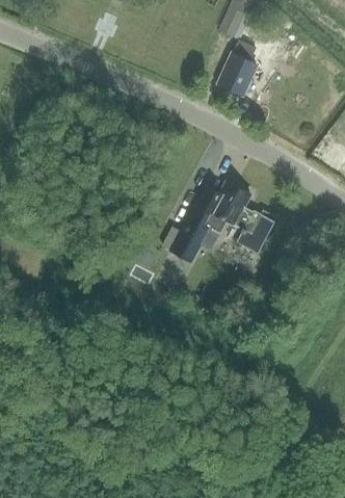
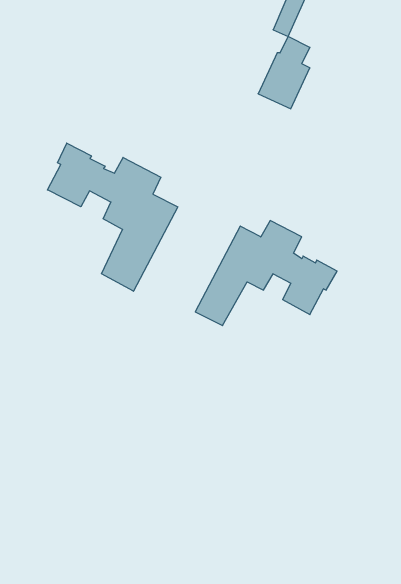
building: none -> [47,143,178,291]

